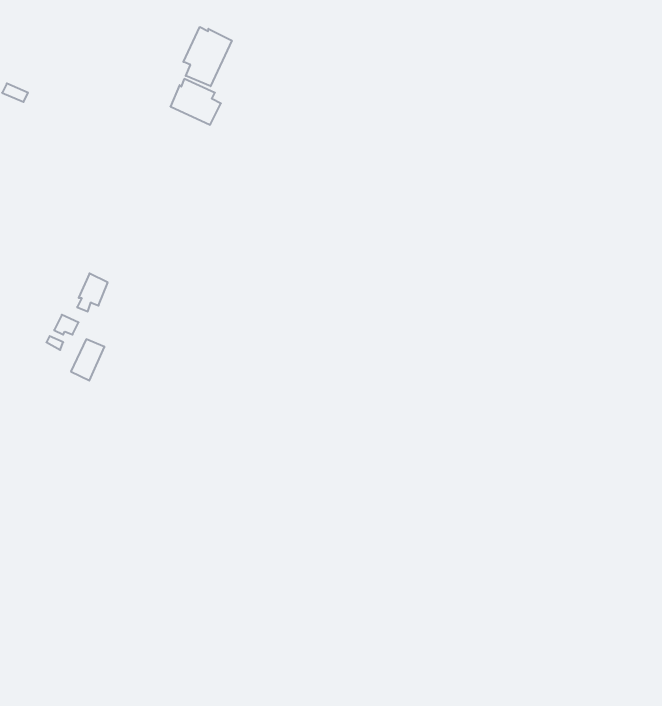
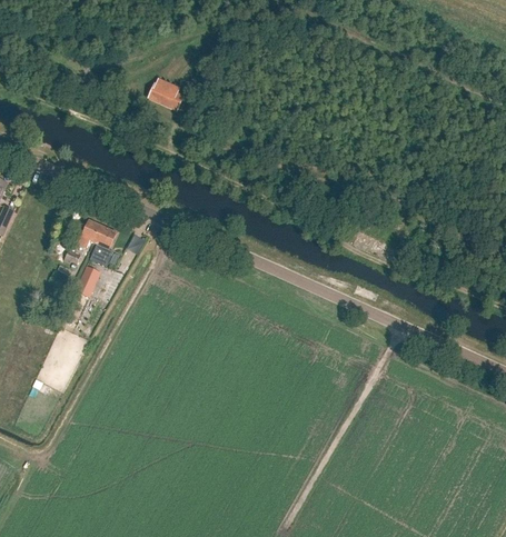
building: [183,27,232,86] -> none
building: none -> [89,226,116,267]

